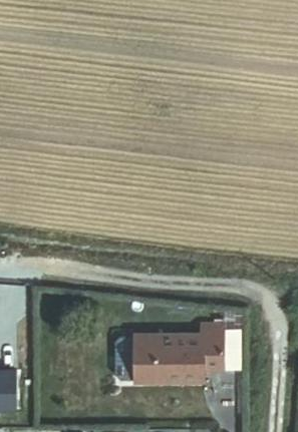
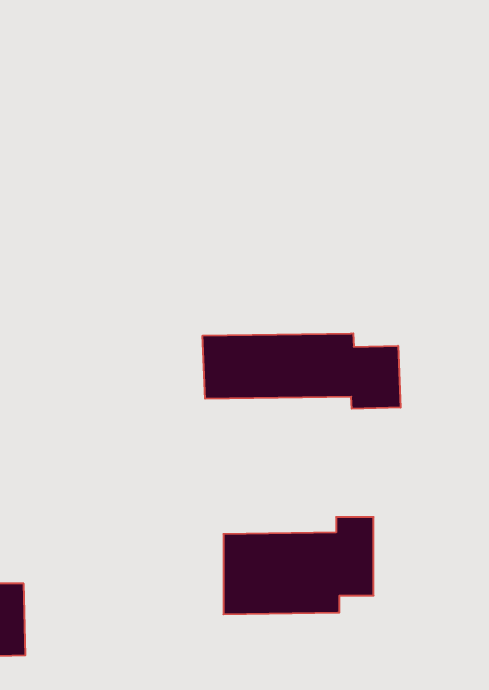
building: none -> [203,333,401,409]

